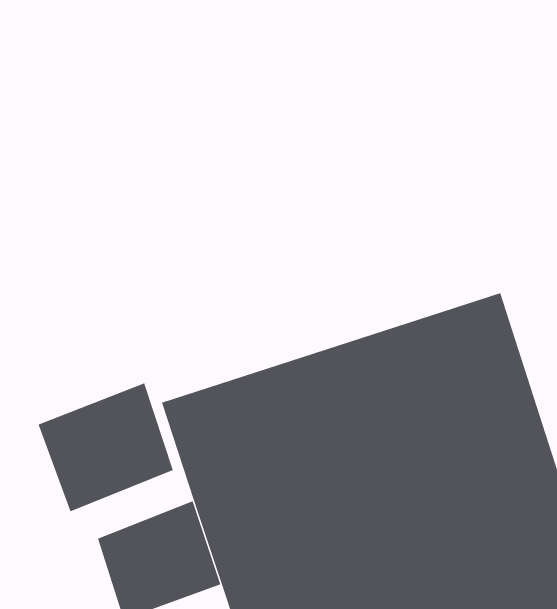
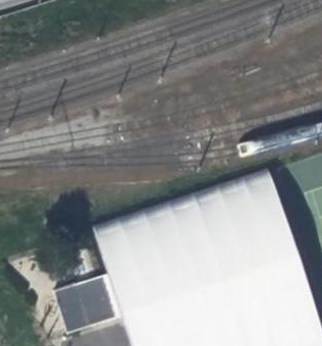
building: [38,383,173,512] -> none

